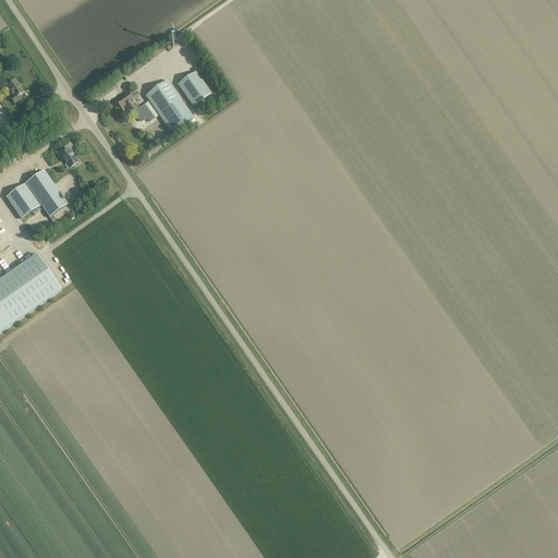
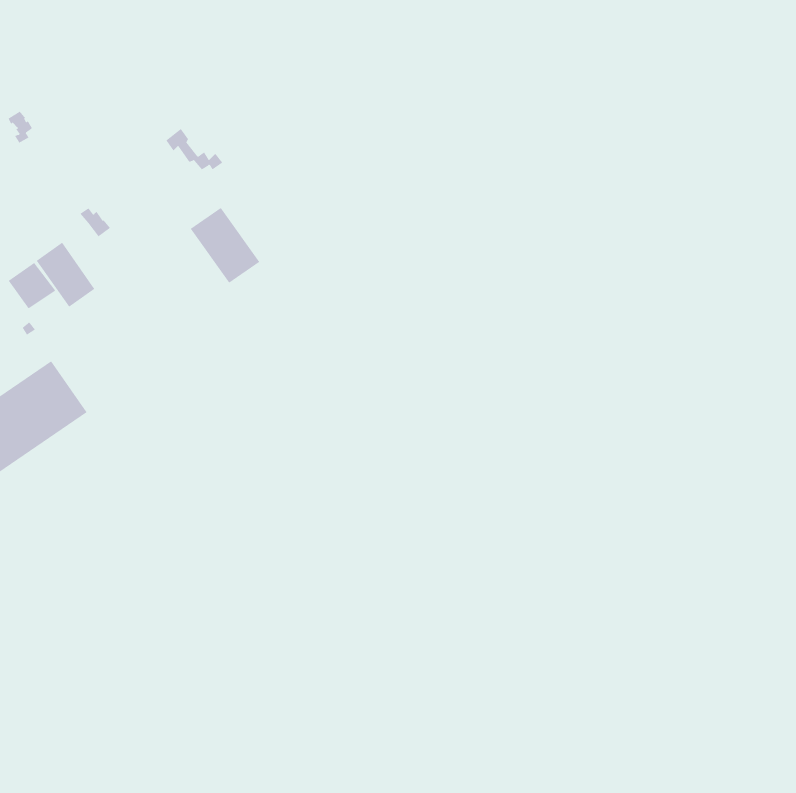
building: [178,70,209,102] -> none
building: [145,78,194,132] -> [190,207,260,284]

